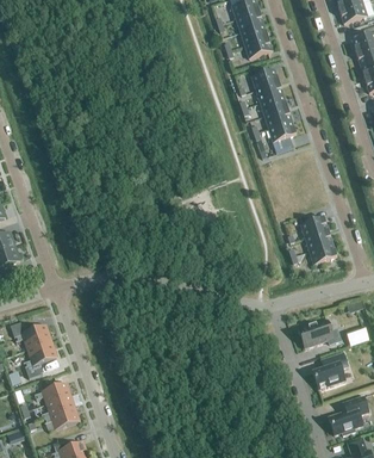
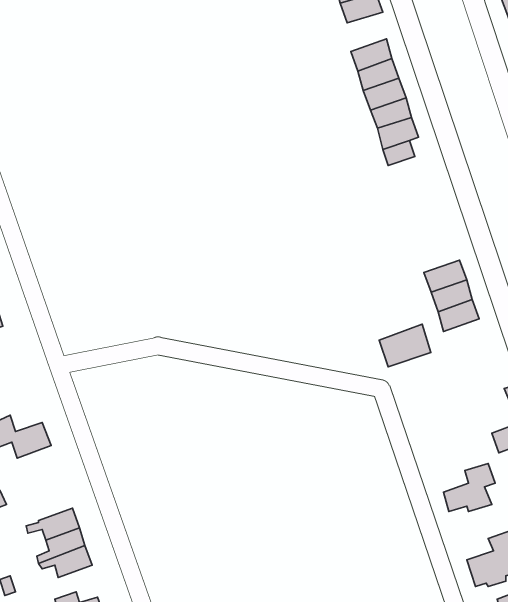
building: [299,318,334,347] -> [379,324,431,367]
building: [24,340,56,377] -> none

